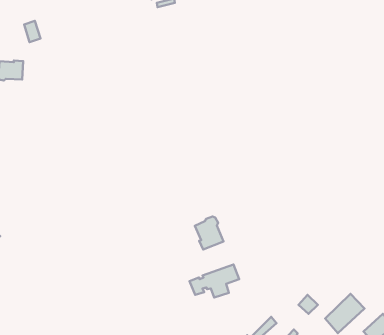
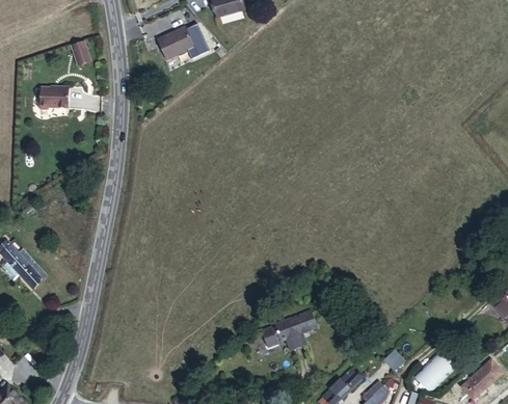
building: none -> [158,26,196,59]
building: [195,217,224,250] -> none

